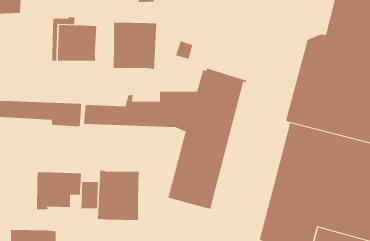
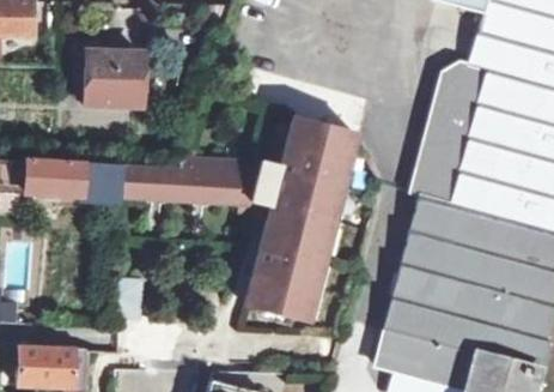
building: [113,22,157,70] -> none
building: [97,170,139,221] -> none
building: [36,171,82,210] -> none

